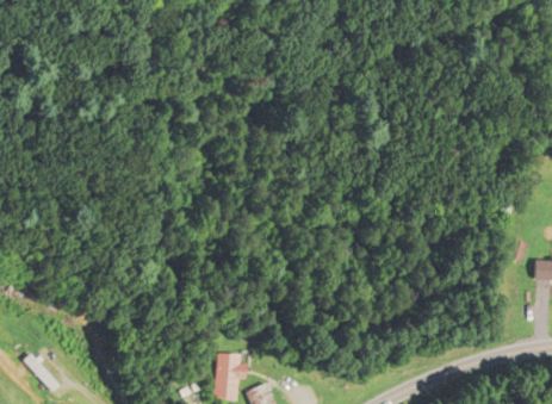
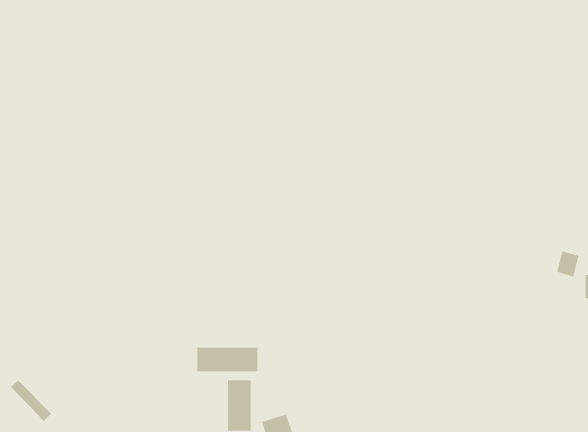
building: none -> [197,347,258,372]

